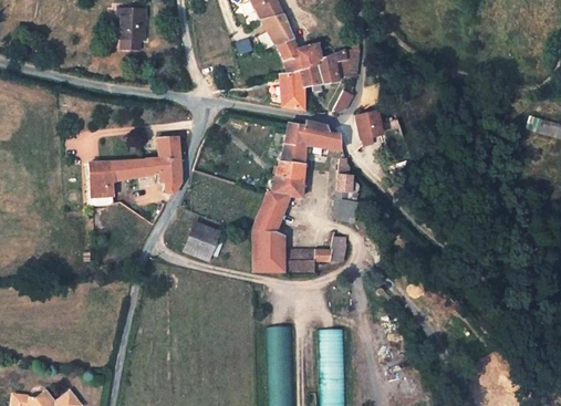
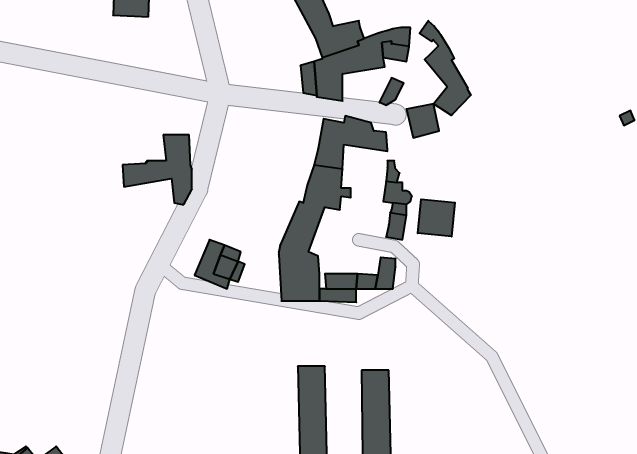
building: none -> [420,21,471,115]
building: [90,160,126,205] -> none
building: none -> [418,199,455,237]

